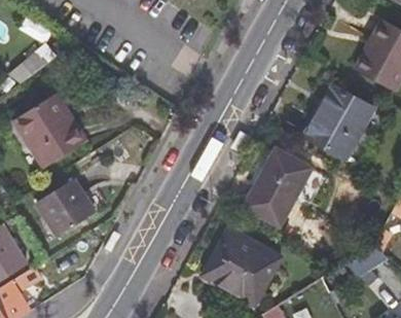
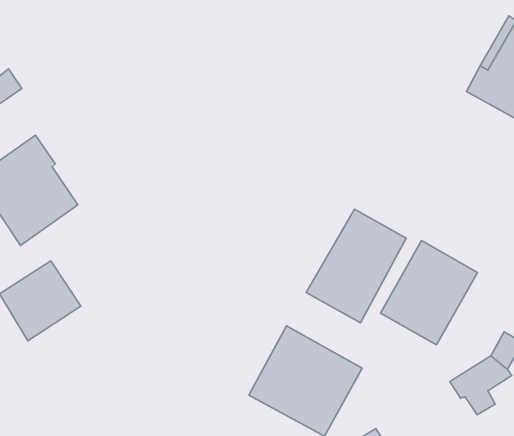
building: [306,82,372,153] -> [381,241,477,345]

